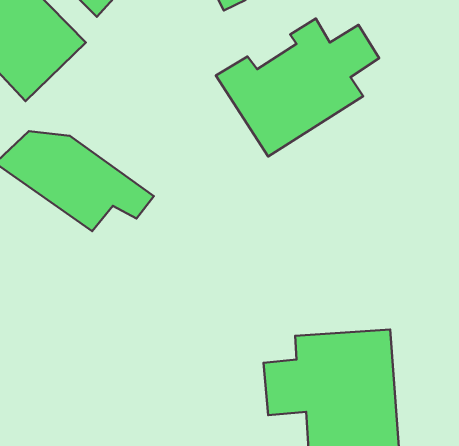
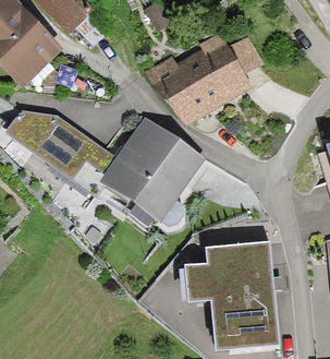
building: none -> [101,118,205,223]

